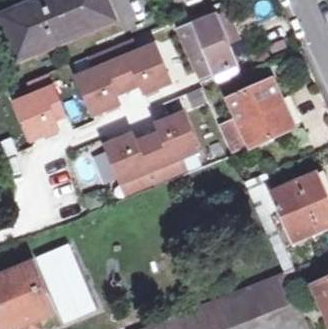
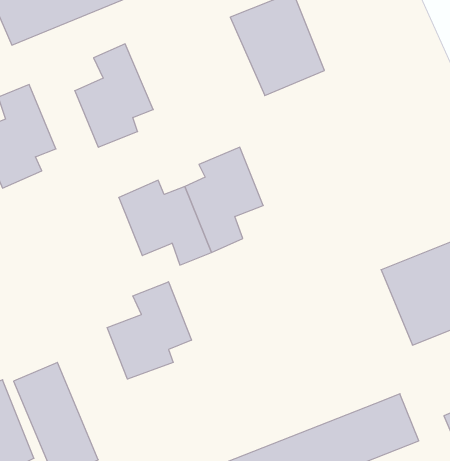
building: [108,40,168,93] -> none
building: [227,80,297,146] -> none
building: none -> [107,282,191,379]

